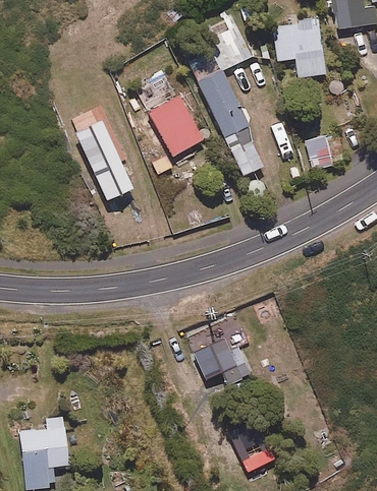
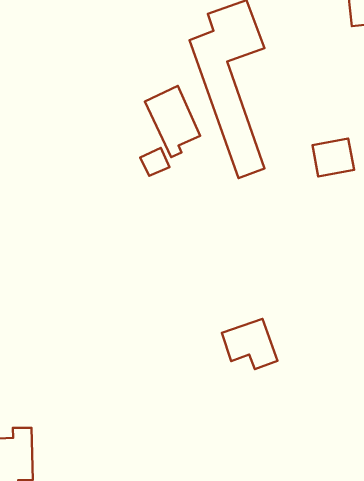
building: [272,16,325,77] -> none
building: [76,120,129,197] -> none
building: [195,337,248,384] -> [222,319,278,369]

